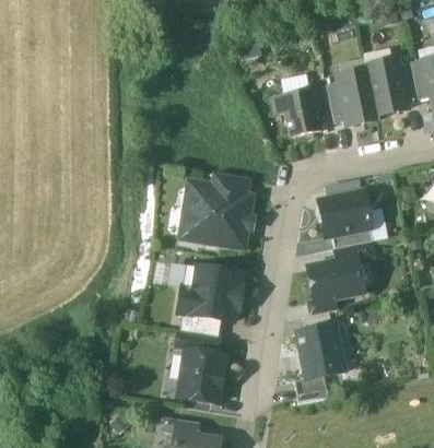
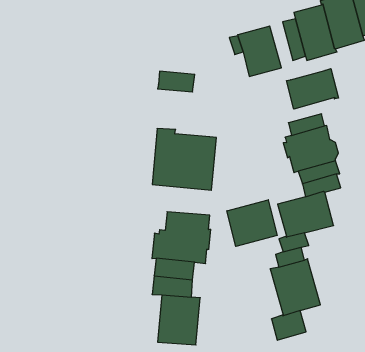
building: none -> [287,69,338,109]
building: [211,173,249,196] -> [158,71,195,92]
building: none -> [227,200,277,246]

